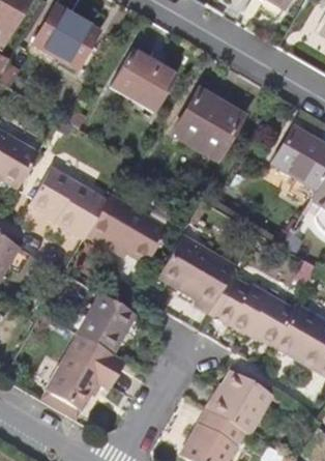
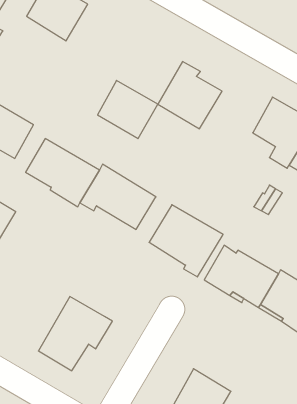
building: [110,48,173,109] -> [98,80,158,139]
building: [78,293,139,355] -> none
building: [208,372,274,436] -> none

